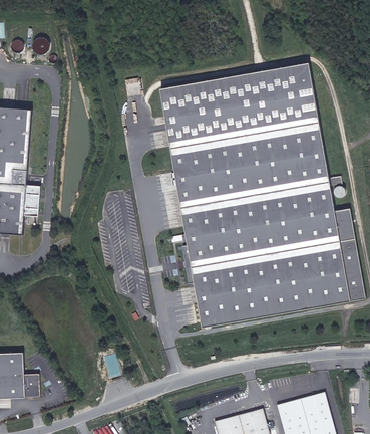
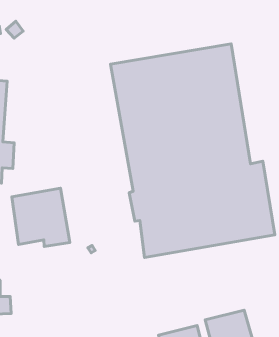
building: none -> [12,188,70,246]

